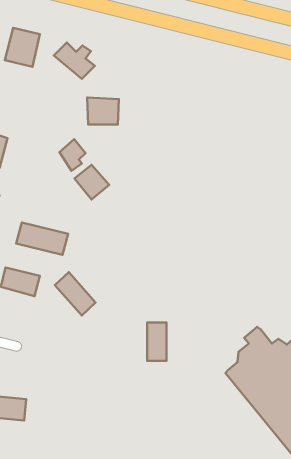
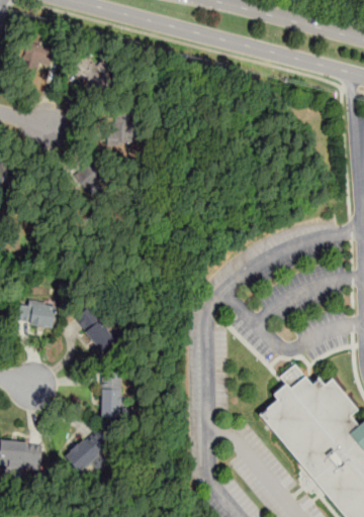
building: [74,165,109,200] -> none
building: [16,222,68,255] -> none
building: [147,323,167,361] -> [101,376,122,417]
building: none -> [65,429,110,475]

